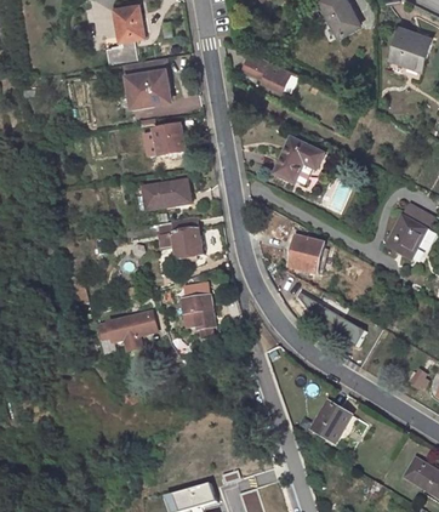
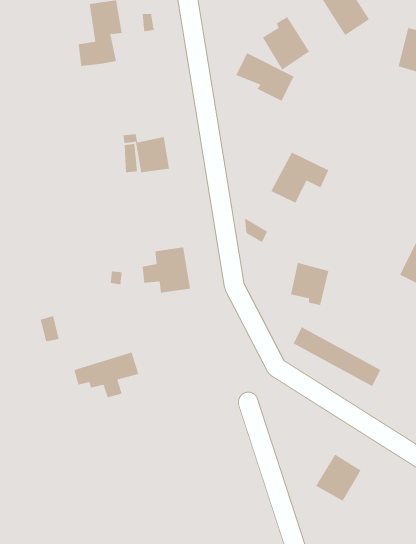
building: none -> [262,16,310,70]
building: [127,56,171,104] -> none
building: [142,181,190,210] -> none
building: [182,285,213,340] -> none

